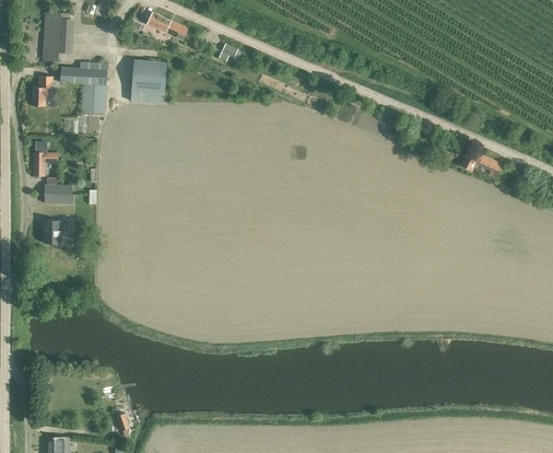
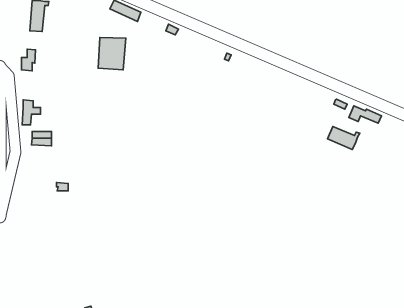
building: [61,62,108,114] -> none
building: none -> [327,127,360,149]
building: [43,220,68,244] -> none

